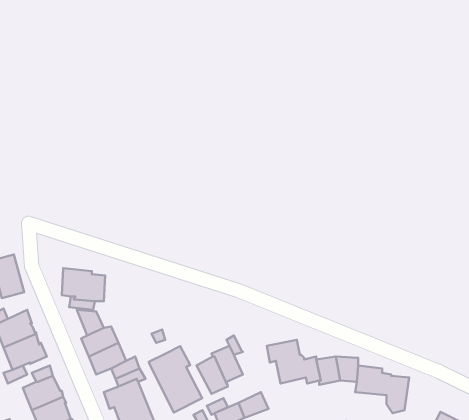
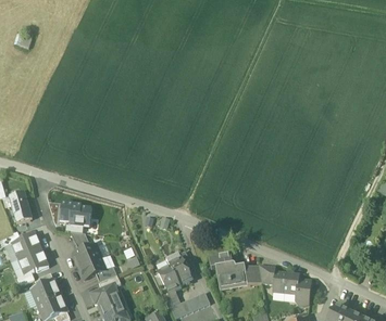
building: [149,346,202,412] -> none

